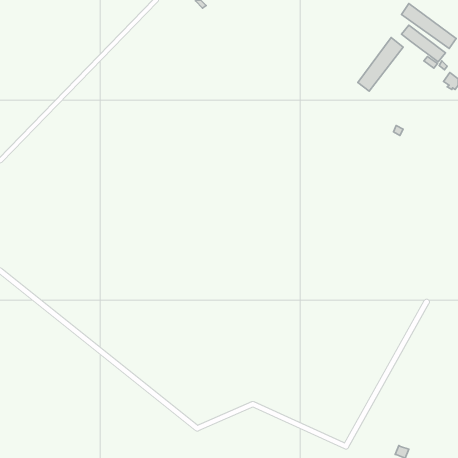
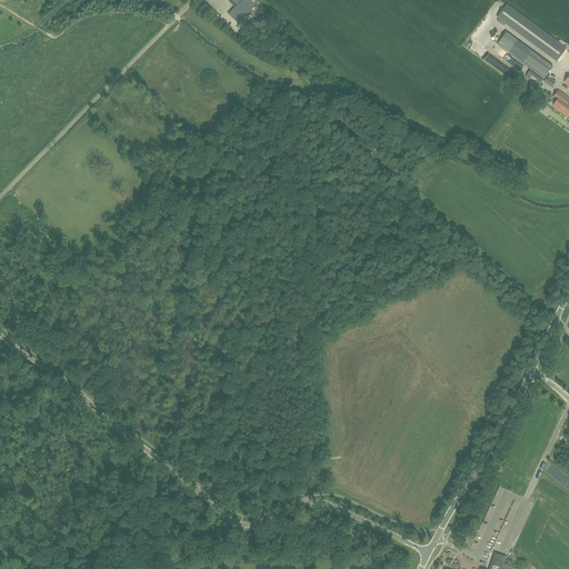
building: [358,37,403,91] -> none

